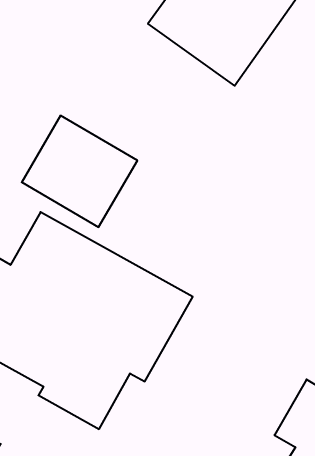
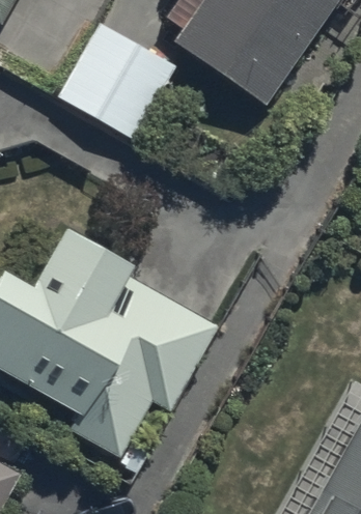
building: [22,116,137,227] -> [59,26,179,142]

